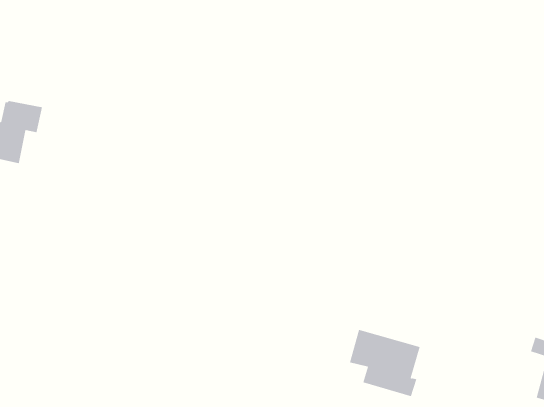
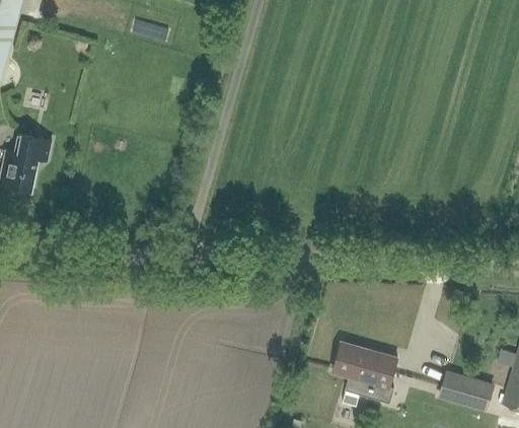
building: none -> [440,372,493,409]

